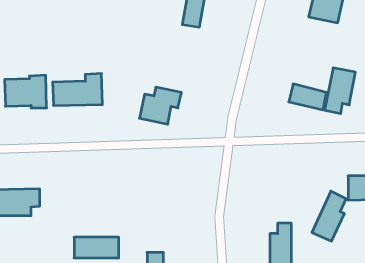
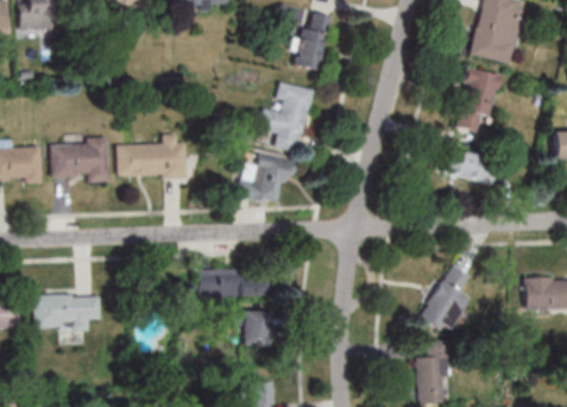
building: none -> [259,83,314,154]
building: [324,68,355,114] -> [456,69,499,132]
building: [312,191,346,241] -> [423,264,471,333]
building: none -> [234,311,267,345]
building: [74,237,119,258] -> [197,270,259,299]

